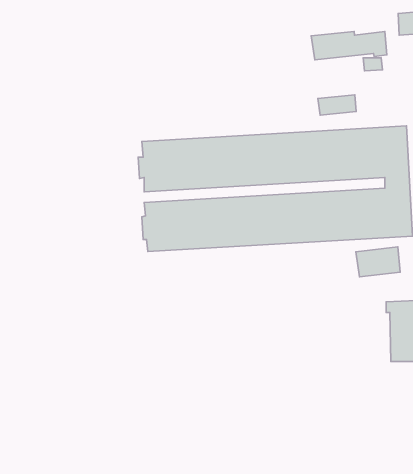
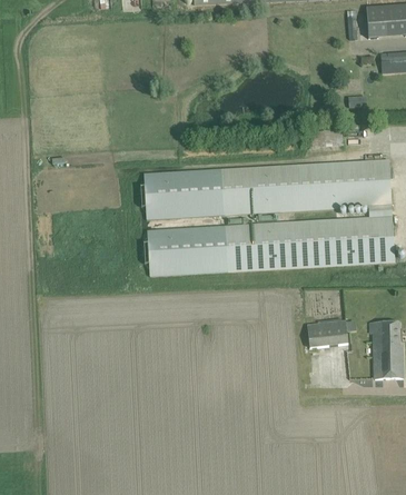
building: [311,31,387,60] -> none
building: [356,247,400,277] -> [307,319,348,347]

